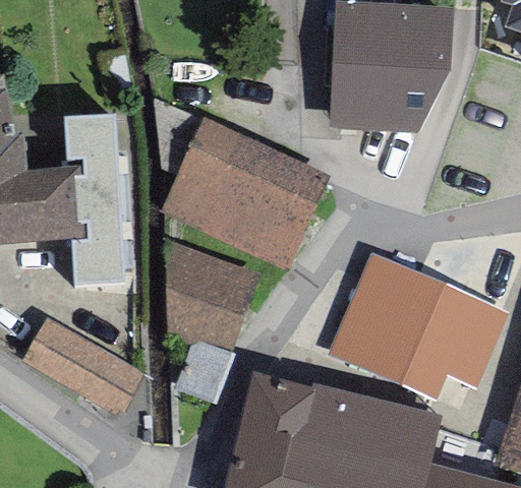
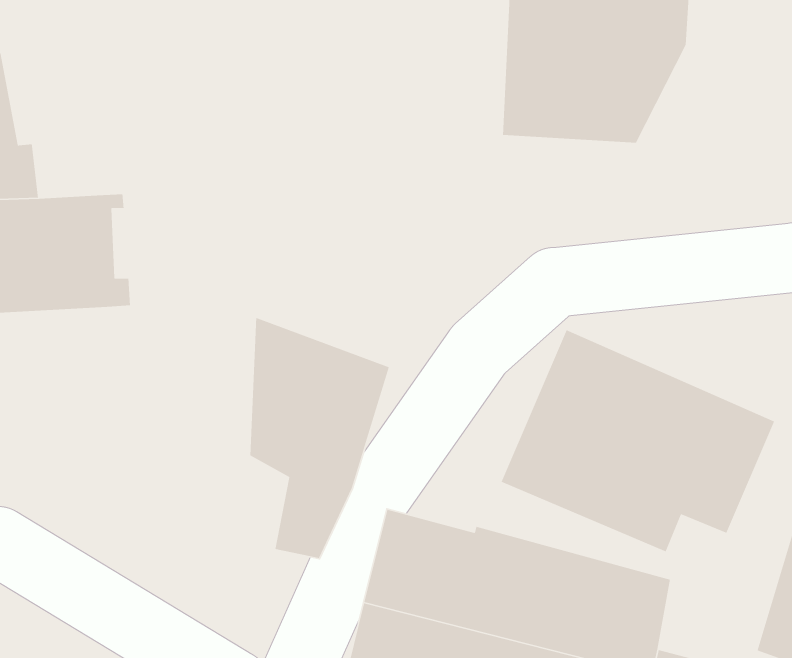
building: [63,114,124,285] -> none
building: [161,123,329,271] -> none
building: [24,320,143,415] -> none

